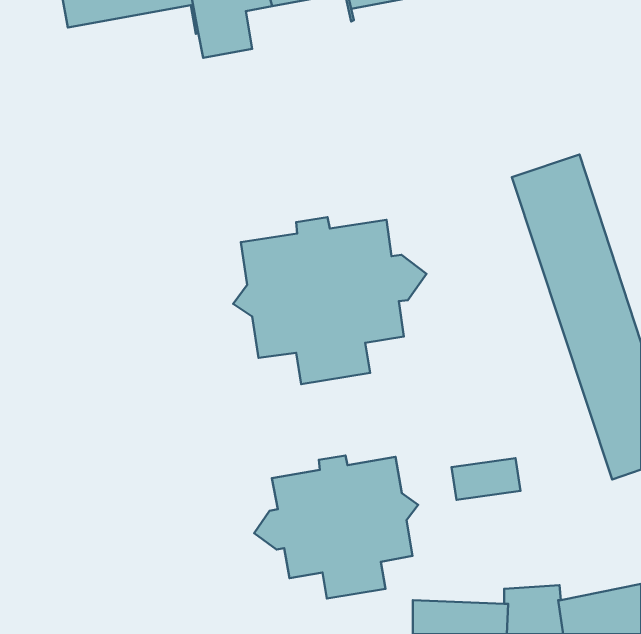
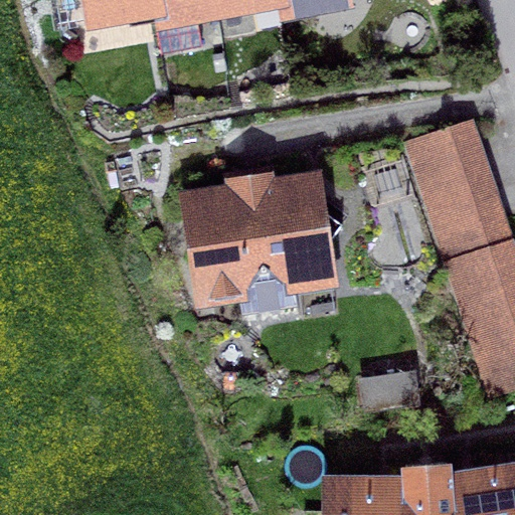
building: [254,456,418,598] -> none

